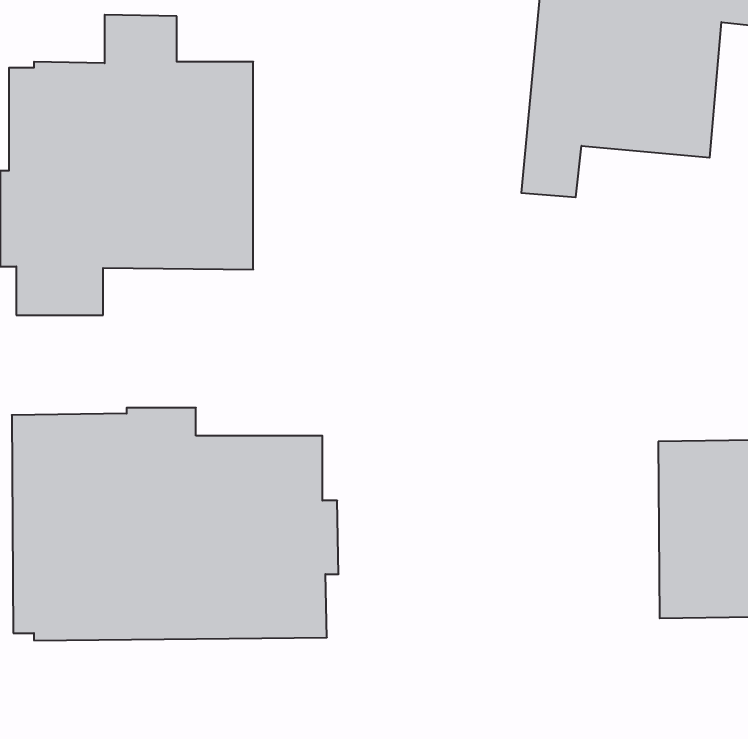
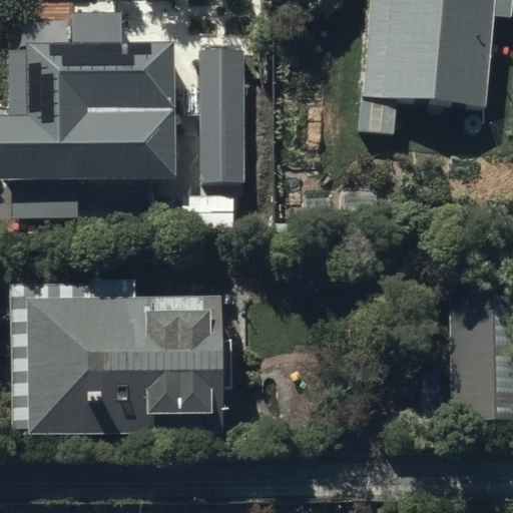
building: none -> [184,47,245,181]

